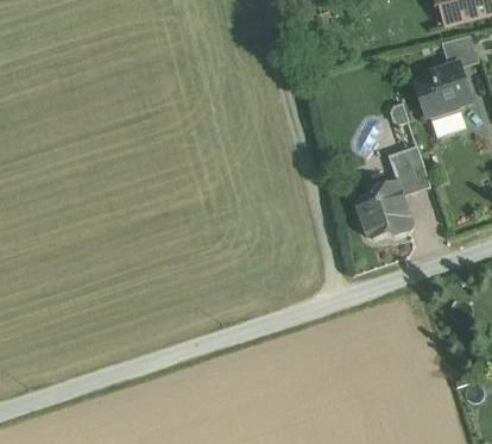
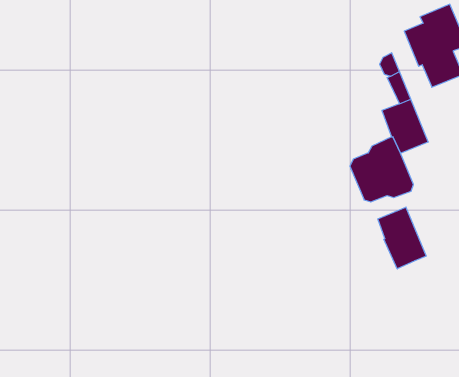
building: none -> [378,207,426,269]

